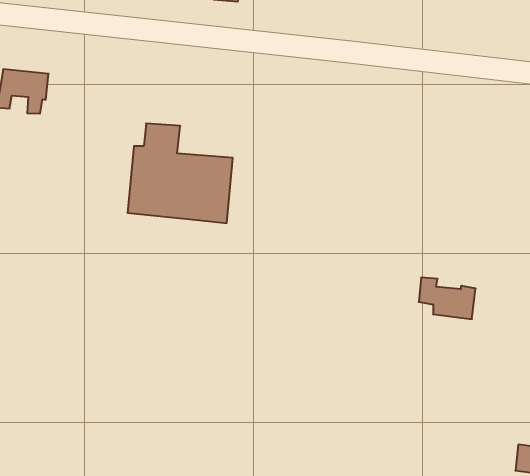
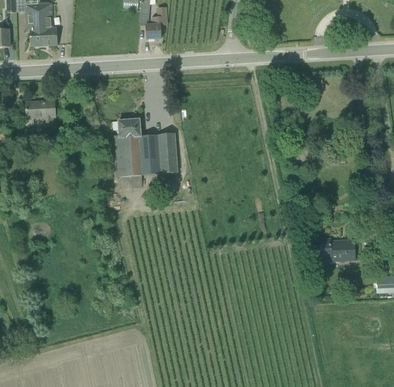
building: [419,278,476,319] -> [320,238,355,260]

